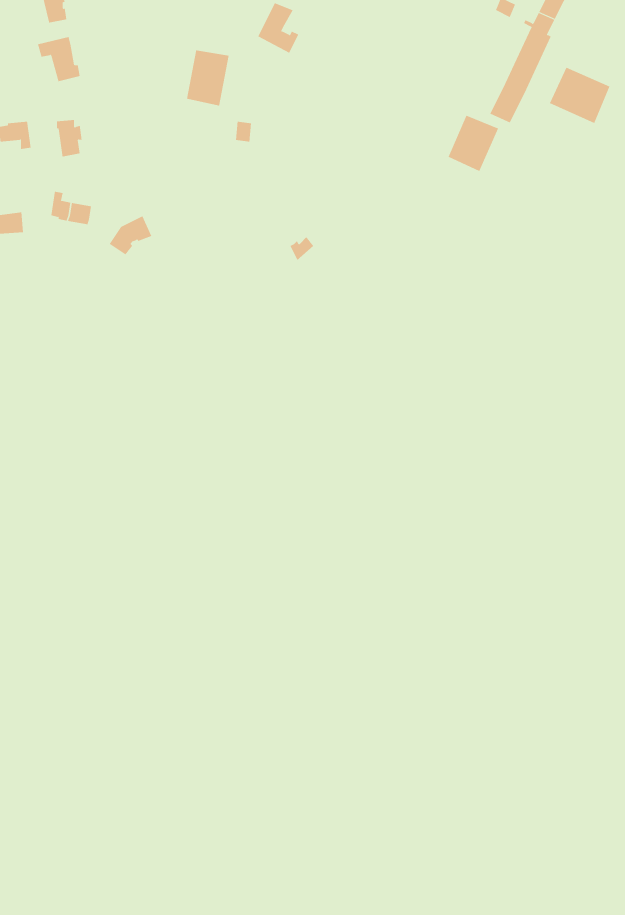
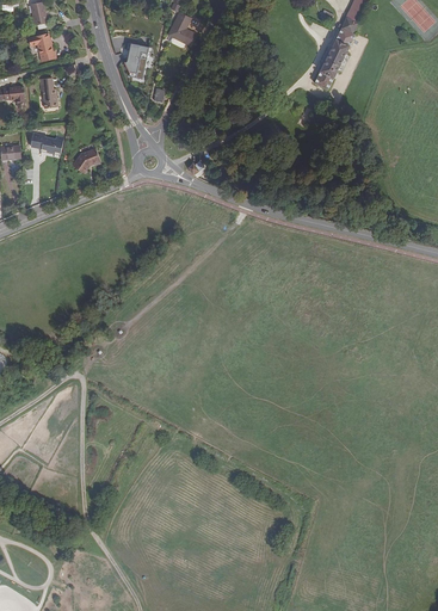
building: [549,67,610,124] -> none
building: [448,115,499,172] -> none

